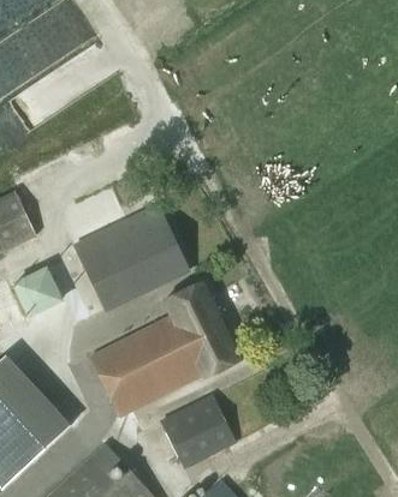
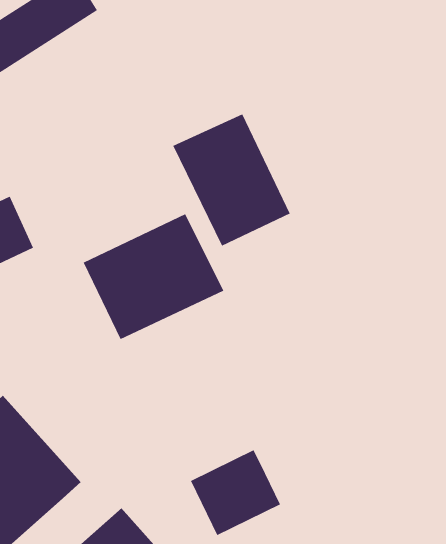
building: none -> [173,114,291,247]
building: [12,264,63,313] -> none
building: [89,281,240,417] -> none

